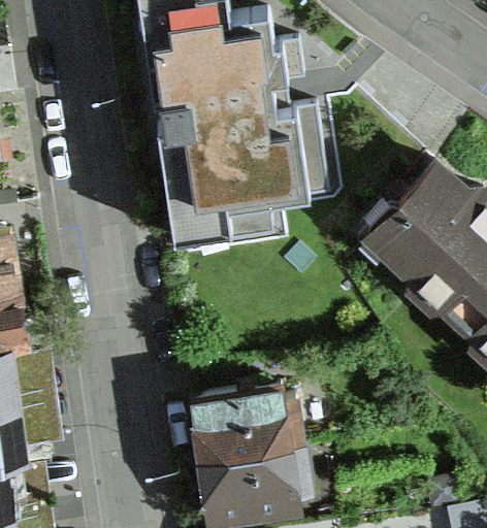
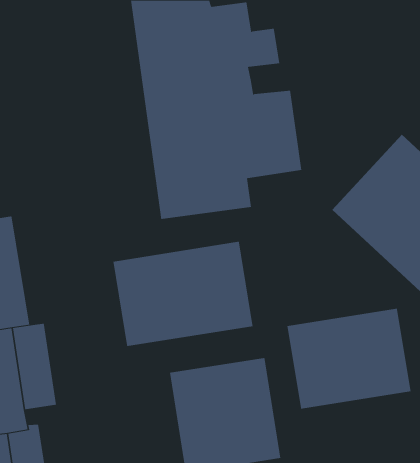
building: none -> [113,241,253,347]
building: none -> [287,308,411,410]

